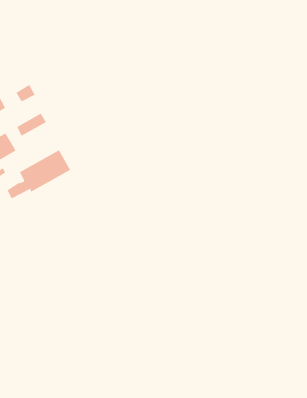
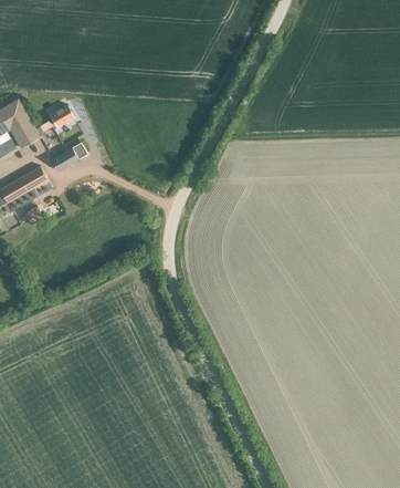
building: [7,149,71,199] -> none

